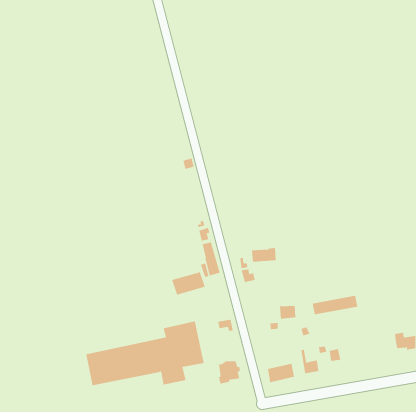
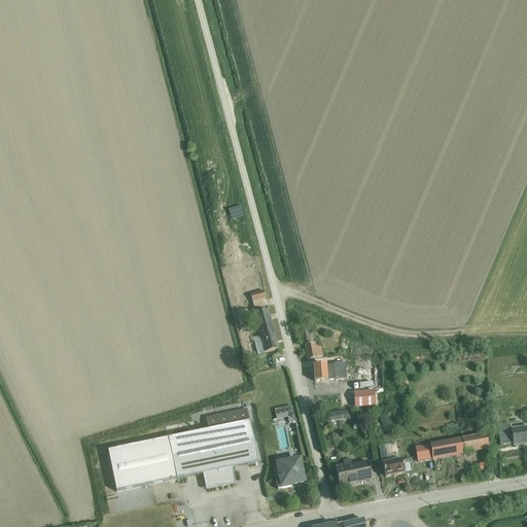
building: [251,248,277,262] -> [314,360,346,379]
building: [172,271,205,295] -> none
building: [312,295,358,315] -> [430,432,489,457]

